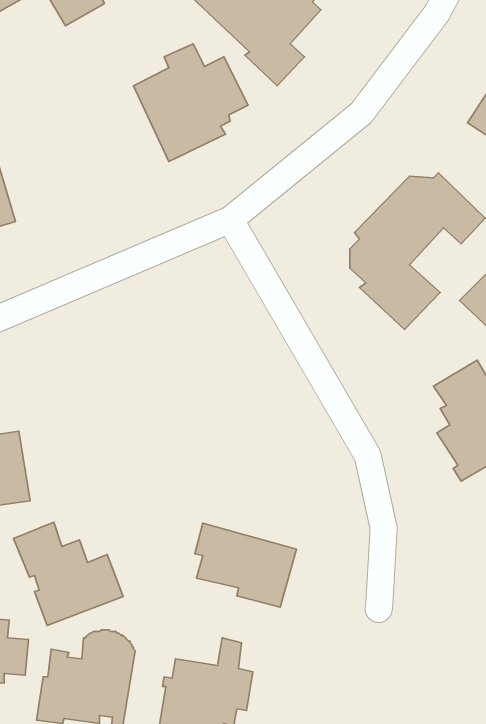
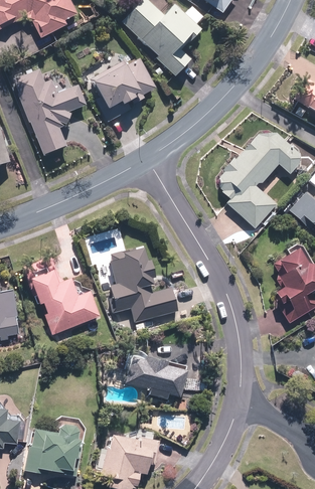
building: none -> [8,66,88,154]
building: none -> [109,247,176,321]
building: [13,522,123,626] -> [31,269,100,333]

